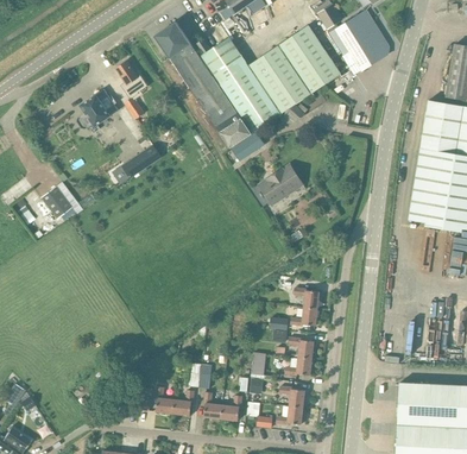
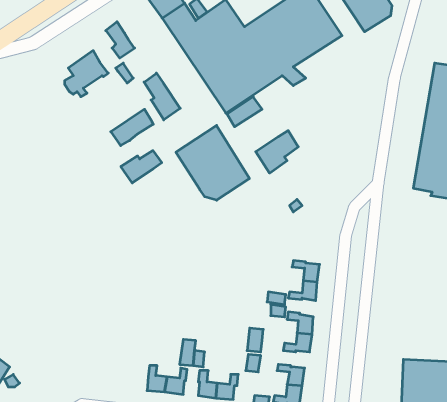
building: none -> [144,73,180,120]
building: none -> [176,125,249,200]
building: none -> [121,151,162,183]
building: [39,185,74,219] -> none

